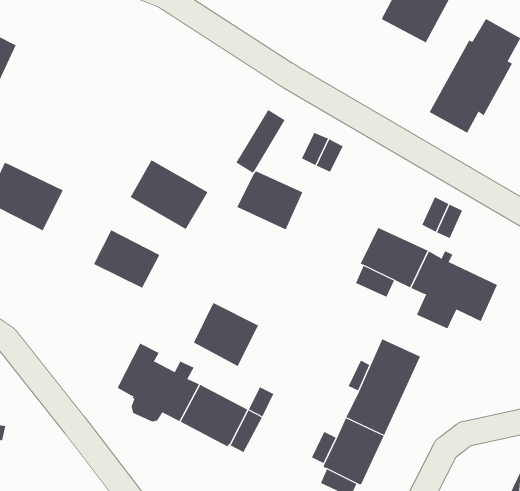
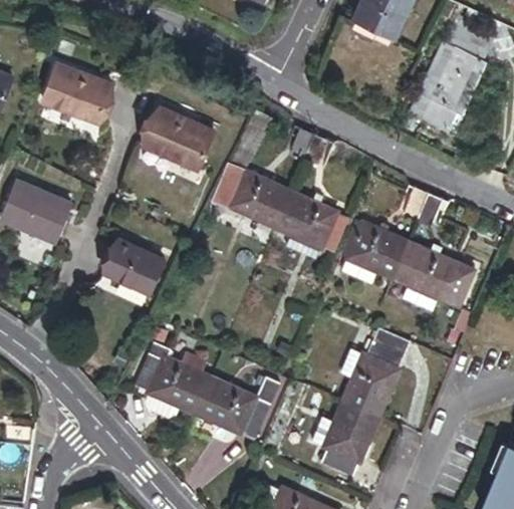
building: none -> [39,65,111,129]
building: [130,160,209,230] -> [138,116,210,179]
building: none -> [279,192,349,257]
building: [193,302,259,367] -> none

